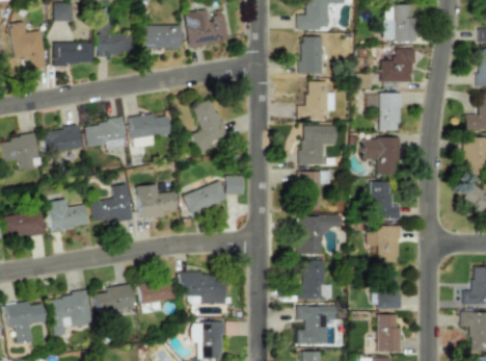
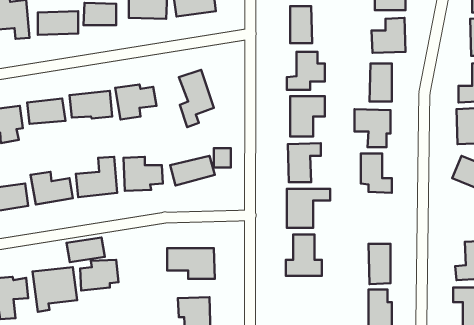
building: [368,226,400,263] -> none
building: [138,280,176,304] -> [67,238,105,262]
building: [297,305,335,344] -> none

